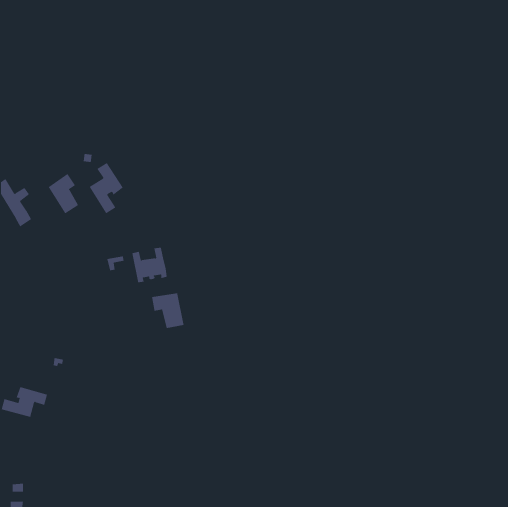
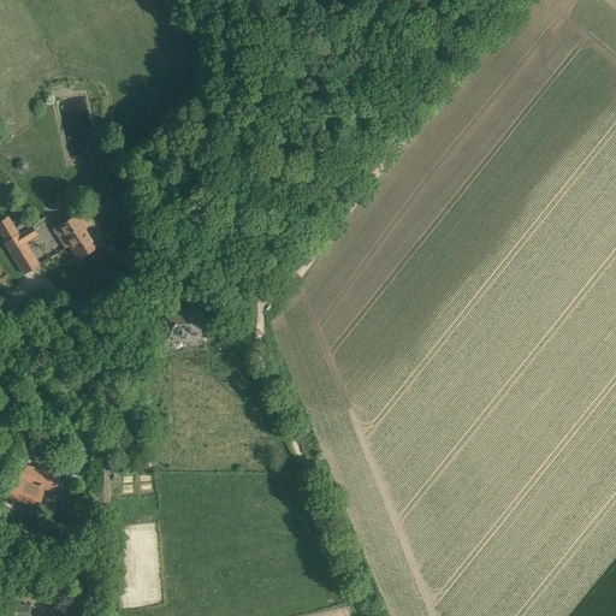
building: [89,162,123,214] -> none
building: [151,292,184,329] -> none

